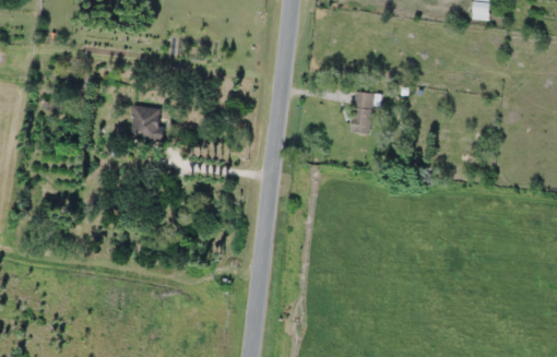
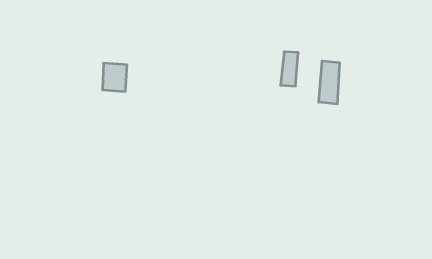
building: none -> [319,61,339,104]

